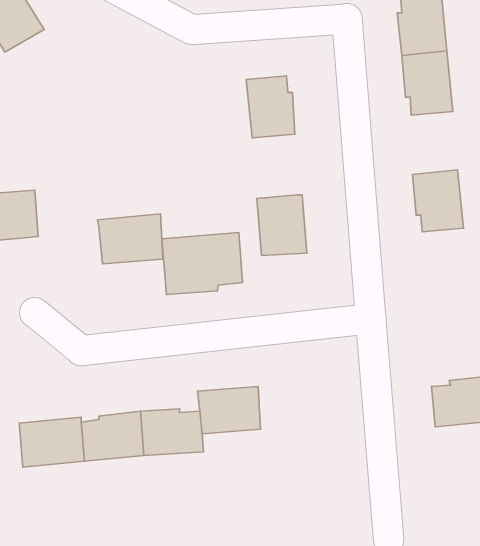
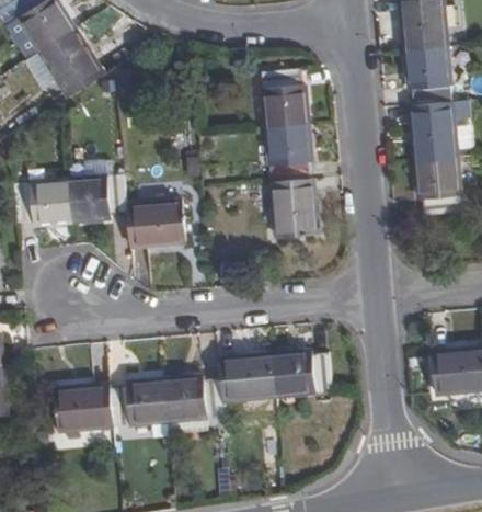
building: none -> [39,29,104,98]
building: none -> [411,102,466,162]
building: none -> [267,125,311,184]
building: none -> [67,172,126,219]
building: [162,233,243,295] -> none
building: none -> [273,353,331,397]

